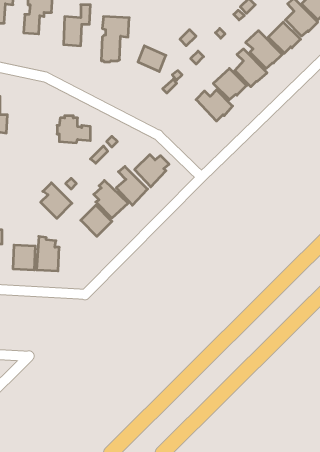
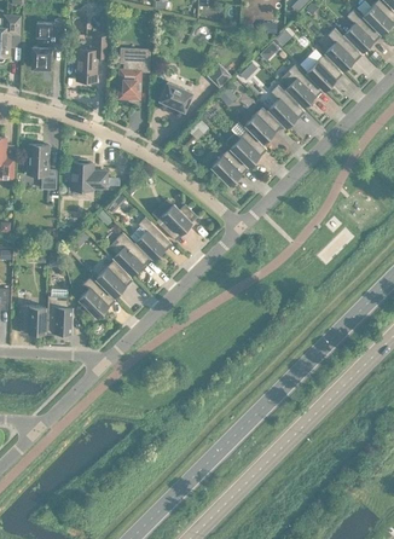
building: none -> [27,144,56,189]
building: none -> [212,149,248,184]
building: [41,183,72,218] -> [79,276,114,315]

